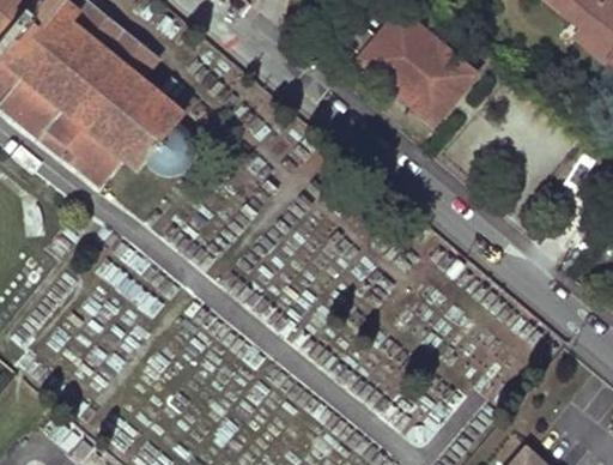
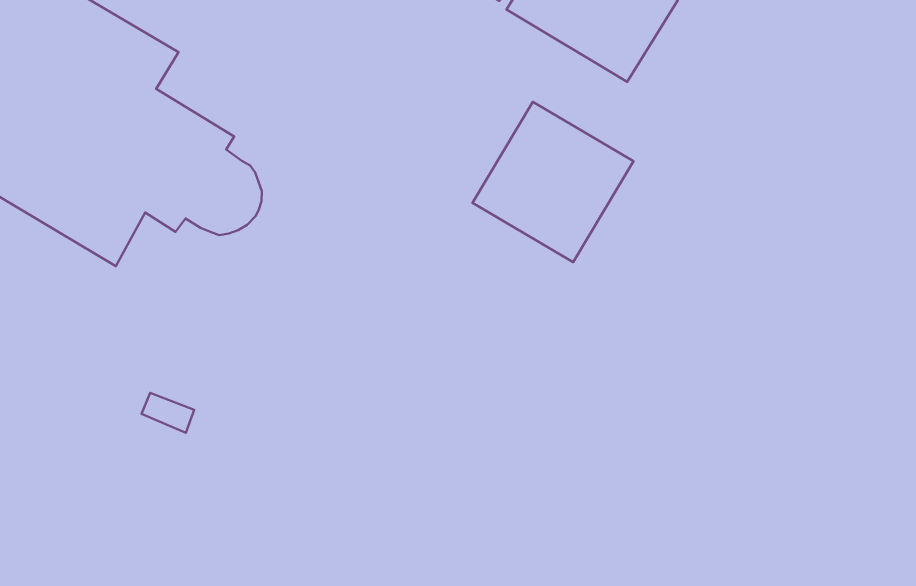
building: none -> [472,102,634,262]

